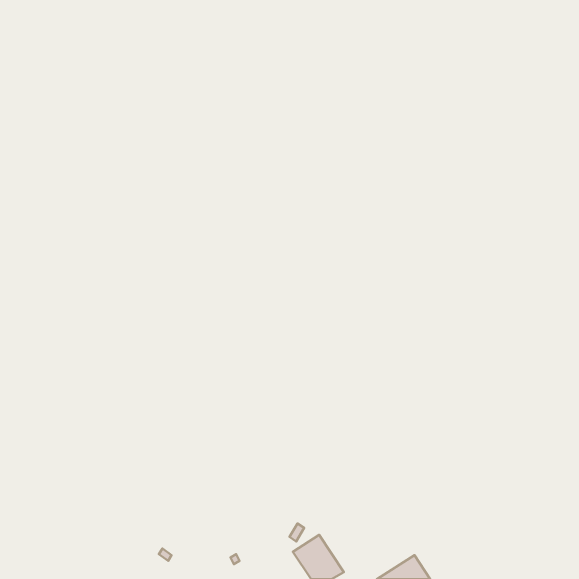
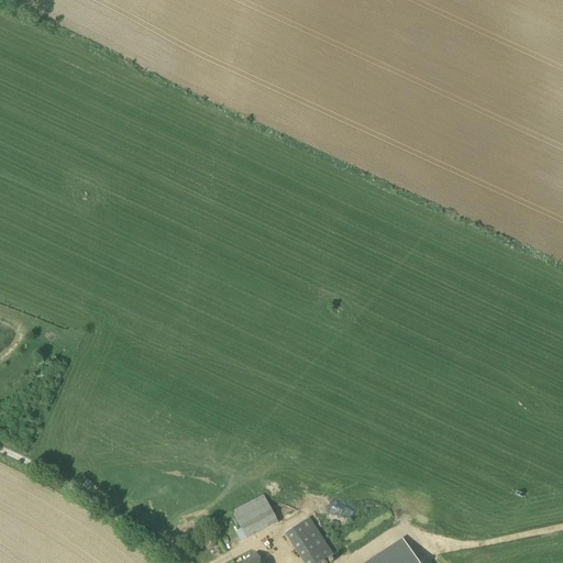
building: none -> [233,495,278,539]

